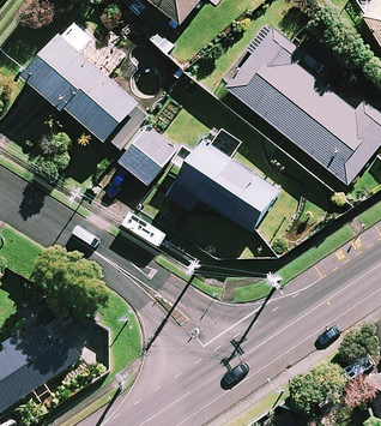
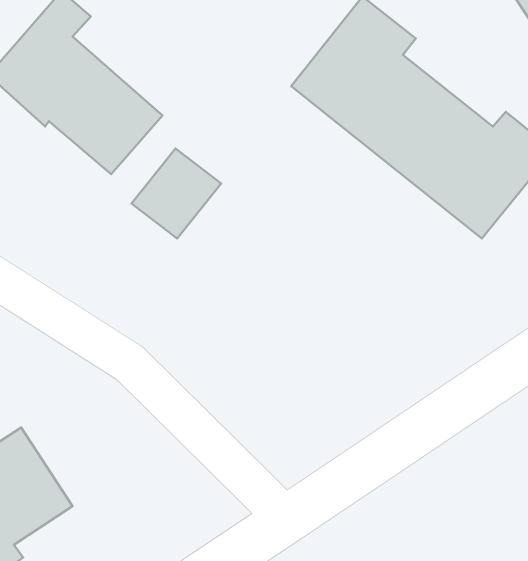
building: [165,128,278,232] -> none

